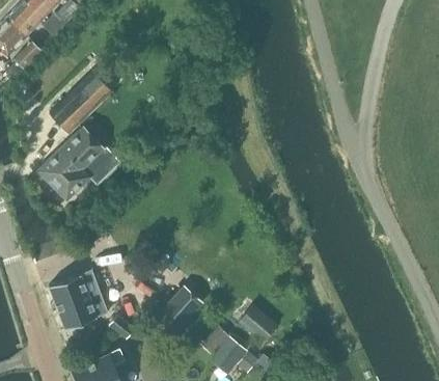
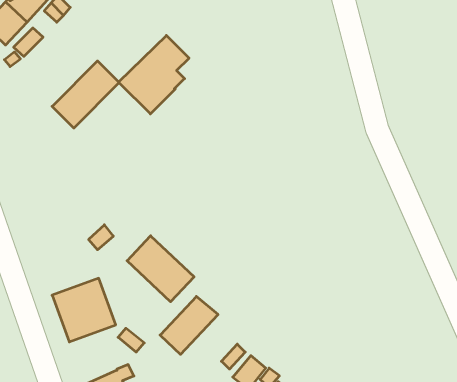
building: [38,128,103,199] -> [119,35,189,114]
building: none -> [127,236,194,302]
building: [240,303,279,342] -> none

